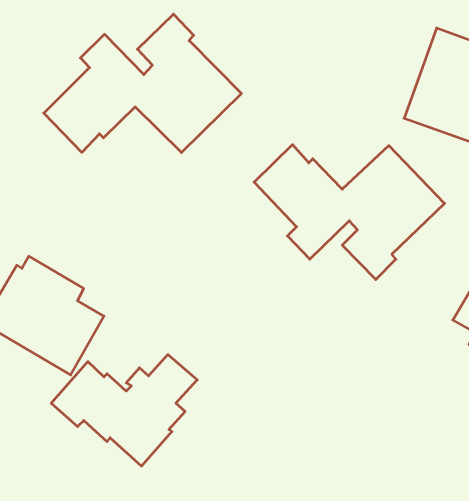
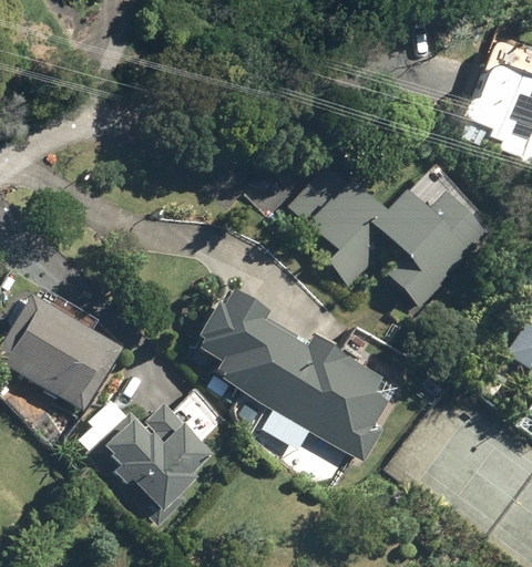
building: [44,14,241,153] -> none
building: none -> [193,285,409,464]

